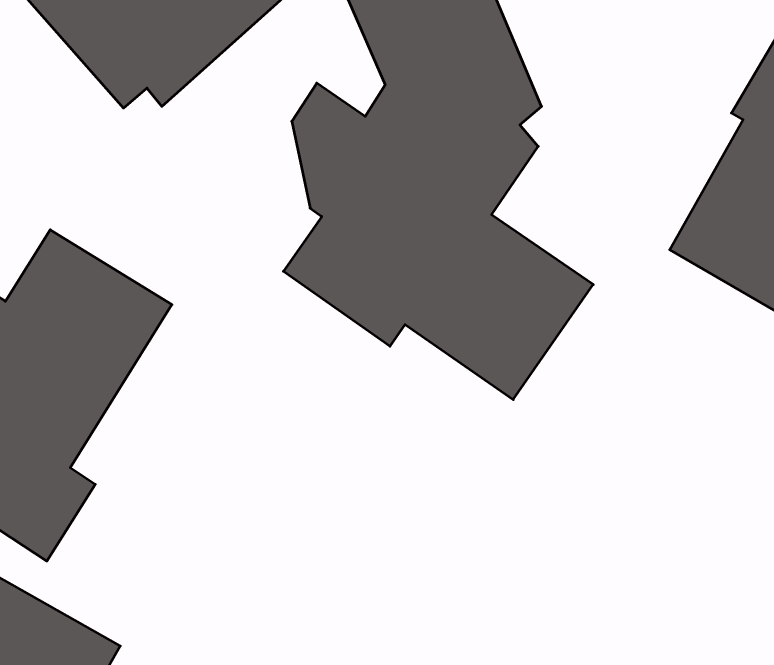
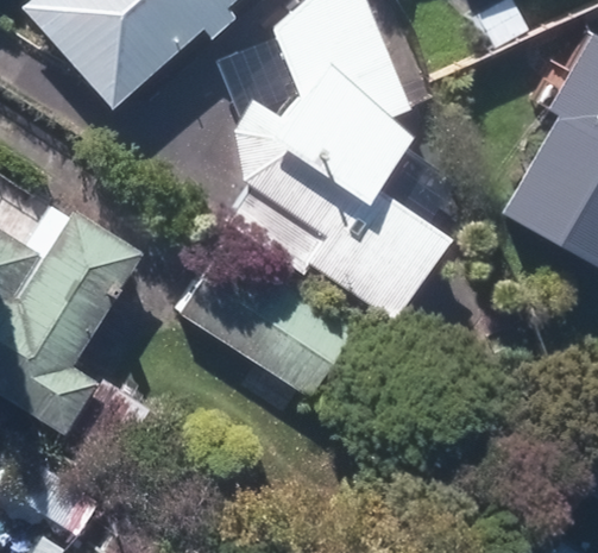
building: none -> [174,240,358,401]

